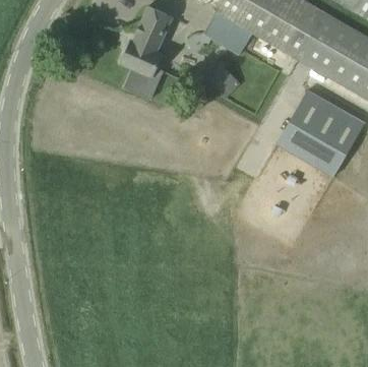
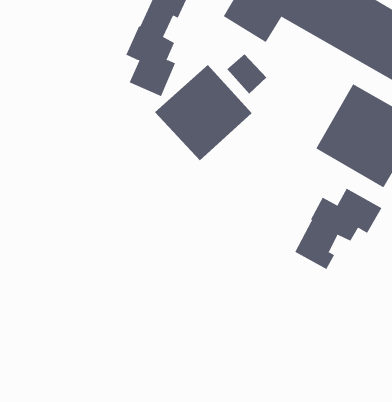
building: none -> [154,64,252,161]
building: none -> [294,188,382,270]

